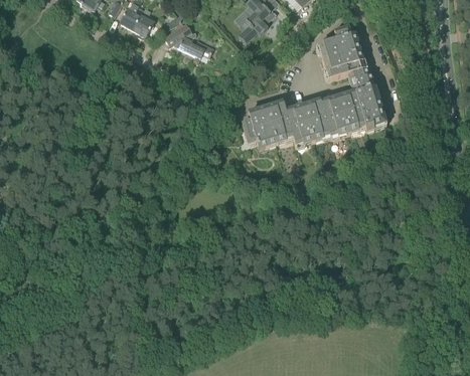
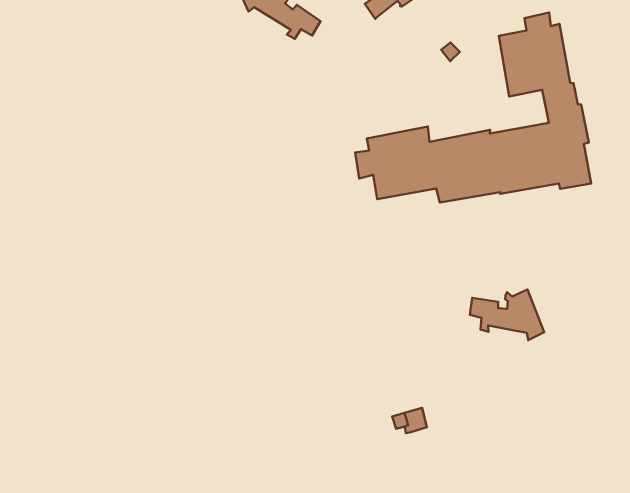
building: none -> [470,290,544,340]

